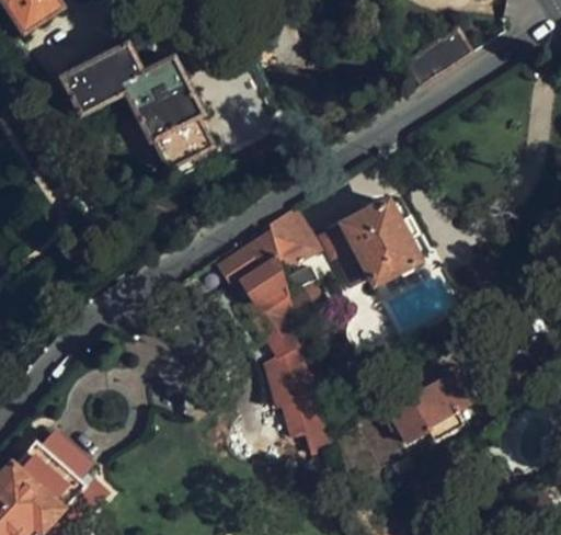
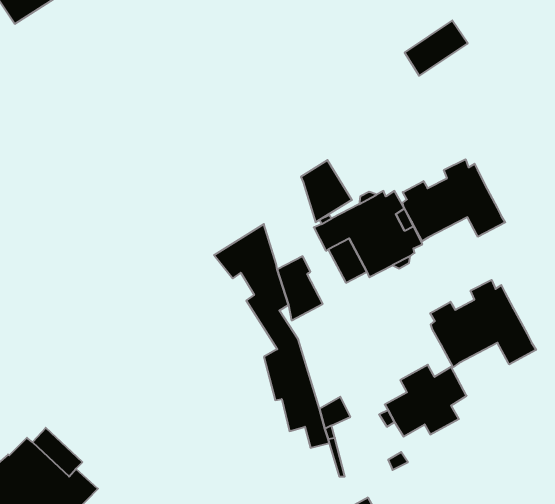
building: [58,44,210,168] -> none
building: none -> [403,159,505,241]
building: [264,209,314,271] -> [301,160,352,222]
building: none -> [430,280,536,367]

